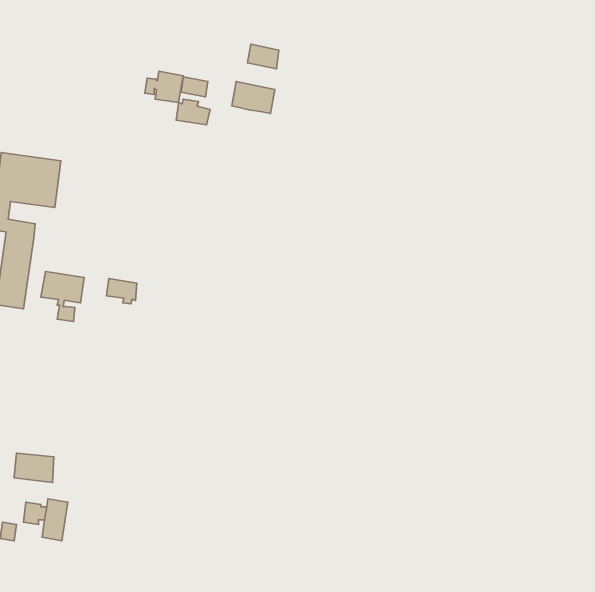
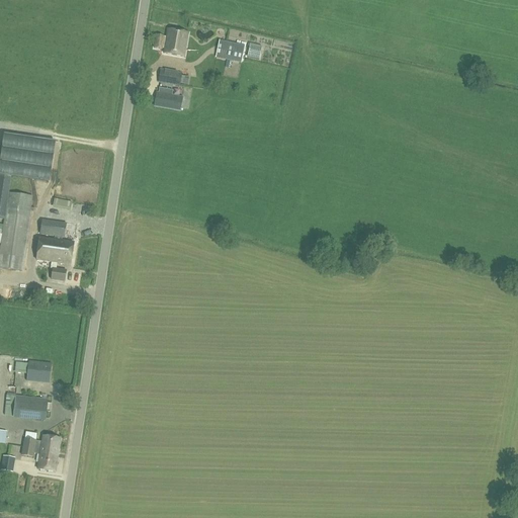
building: [145,71,183,103] -> [154,26,187,54]
building: [232,82,275,114] -> none
building: [106,278,137,304] -> [38,217,65,239]
building: none -> [25,358,51,380]

